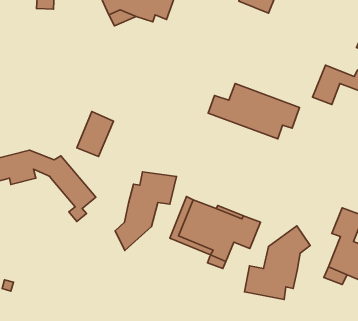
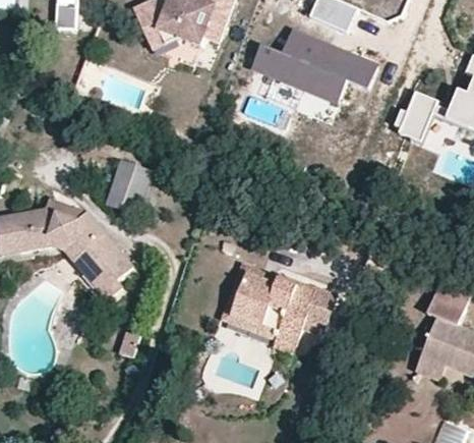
building: [208,83,299,139] -> [254,31,370,101]
building: [115,172,176,250] -> none
building: [244,226,310,299] -> none

